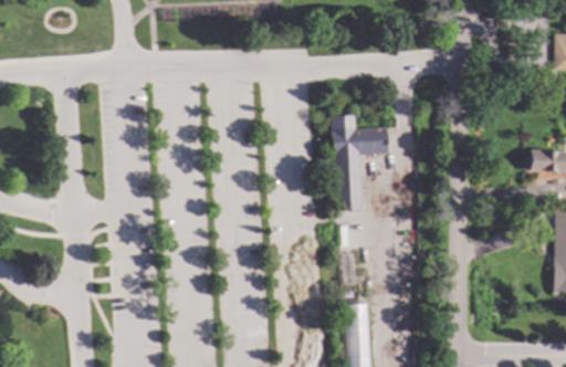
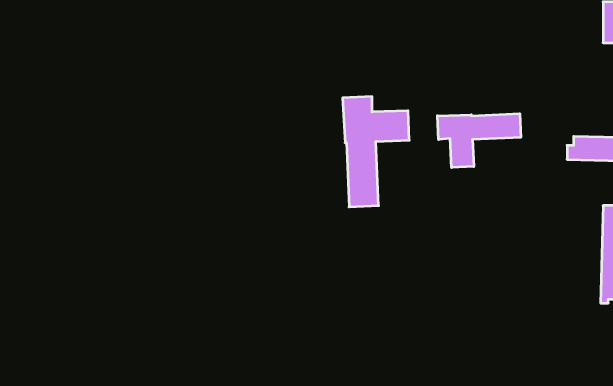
building: none -> [437,114,521,168]

